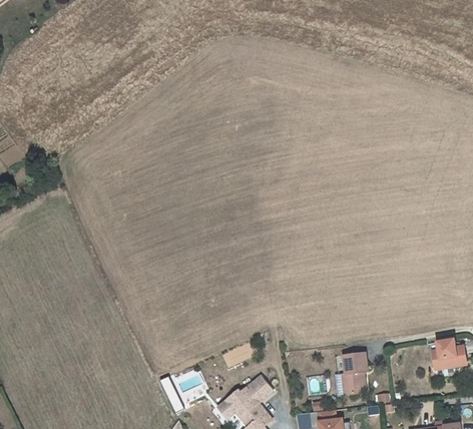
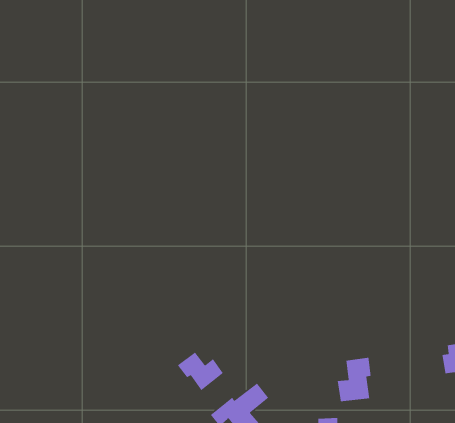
building: none -> [177,352,224,391]

